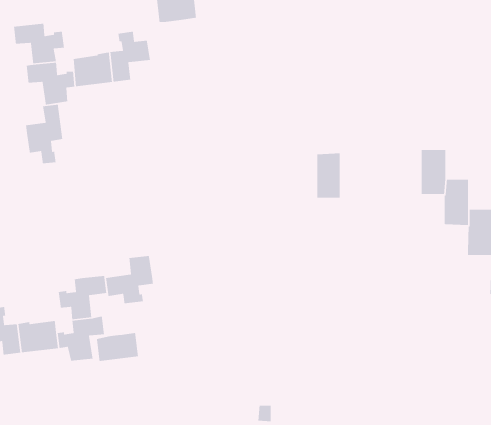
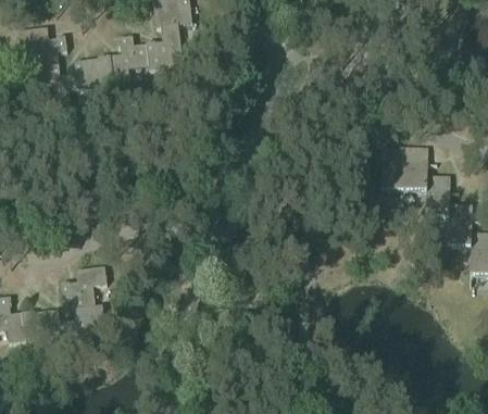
building: none -> [146,25,183,71]
building: [25,104,63,164] -> none
building: [316,153,341,208] -> [381,147,404,199]
building: [105,255,154,304] -> none
building: [96,325,139,362] -> none

